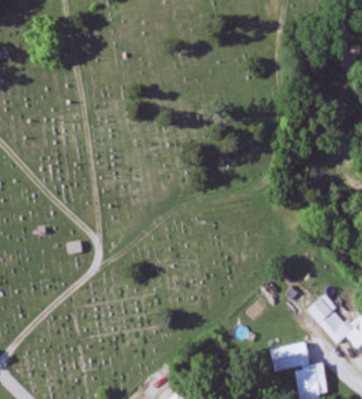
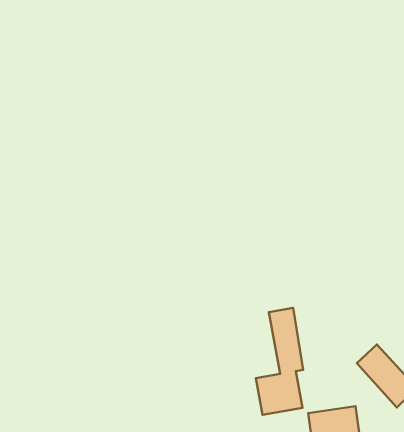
building: none -> [256,308,303,415]

